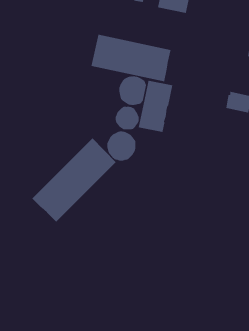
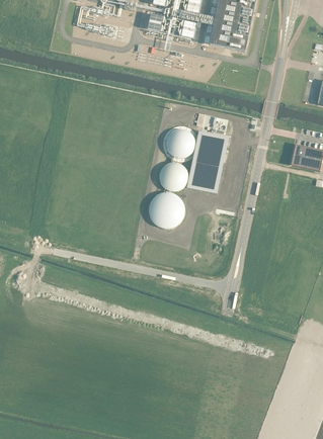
building: [91,34,171,82] -> none
building: [32,137,116,223] -> none

